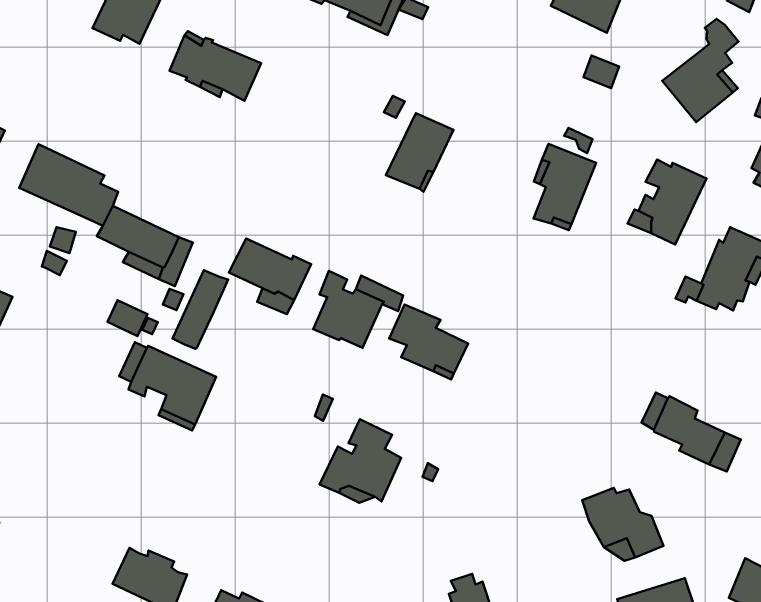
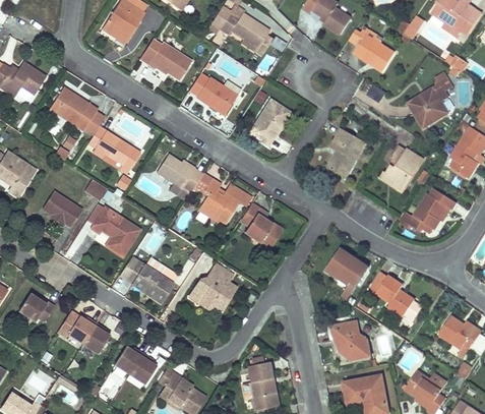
building: none -> [188,71,238,114]
building: [173,270,228,349] -> none
building: none -> [44,191,83,227]
building: none -> [325,250,368,285]
building: none -> [128,258,176,301]
building: none -> [21,293,58,322]

